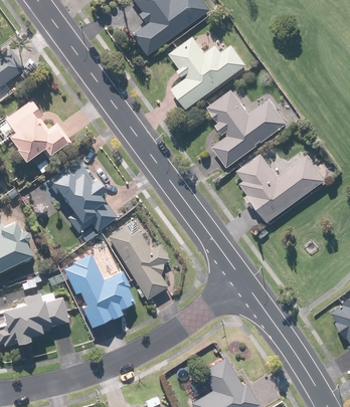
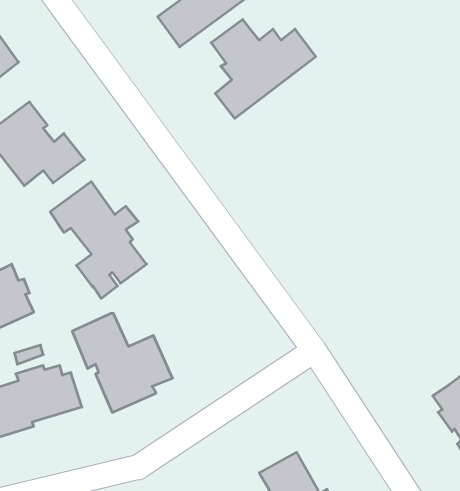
building: [202,92,283,171] -> none
building: [233,157,321,226] -> none
building: [106,225,170,299] -> none

